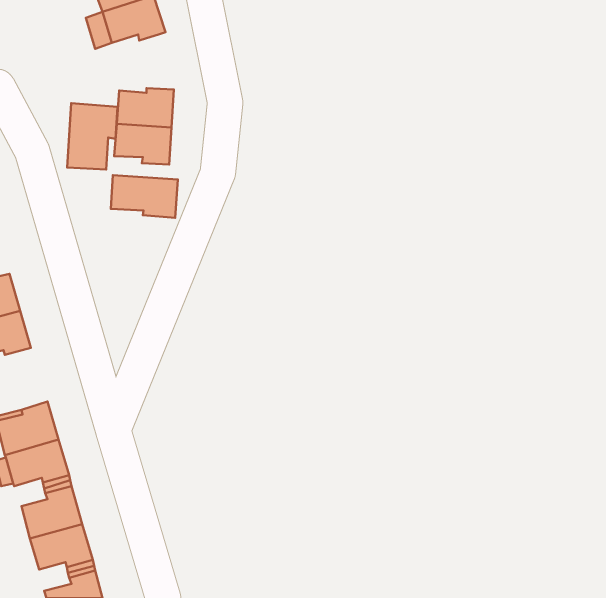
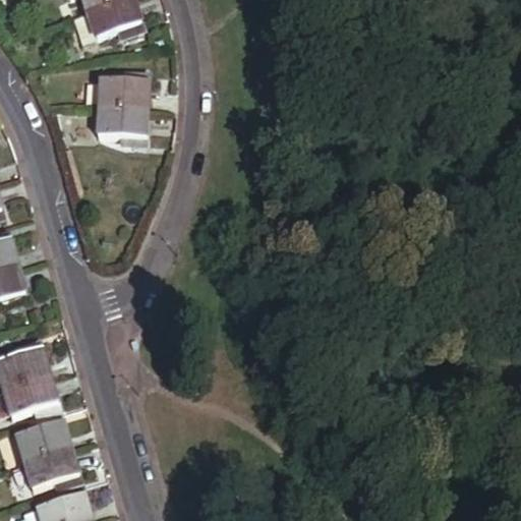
building: [67,103,118,170] -> none
building: [111,175,178,218] -> none

